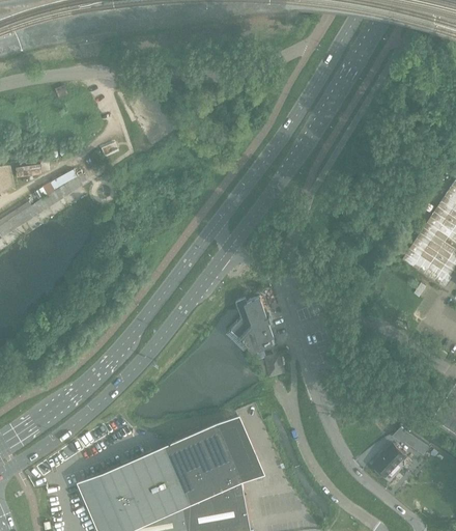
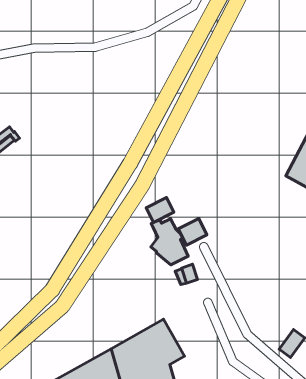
building: none -> [146,198,174,222]
building: none -> [178,219,207,245]

